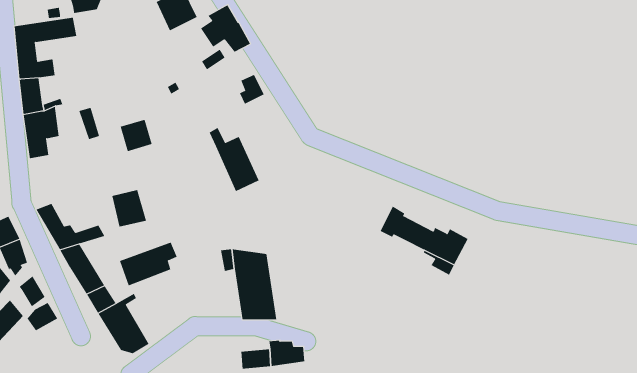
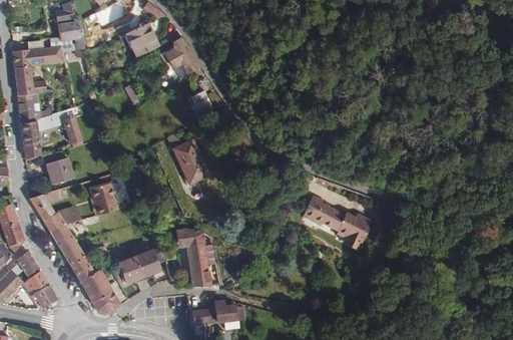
building: [120,119,153,152] -> [47,157,73,184]
building: [119,242,177,286] -> [119,248,165,283]
building: none -> [30,284,57,309]

